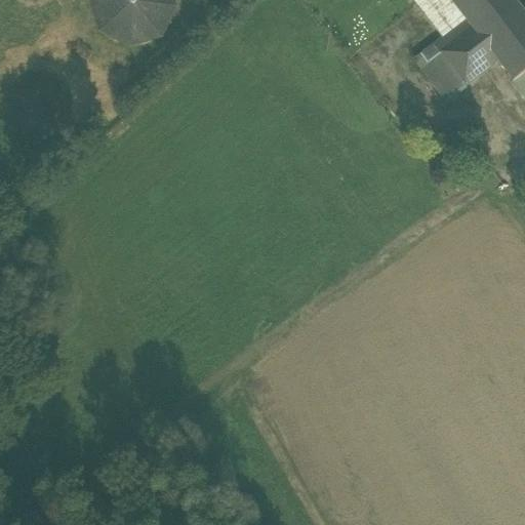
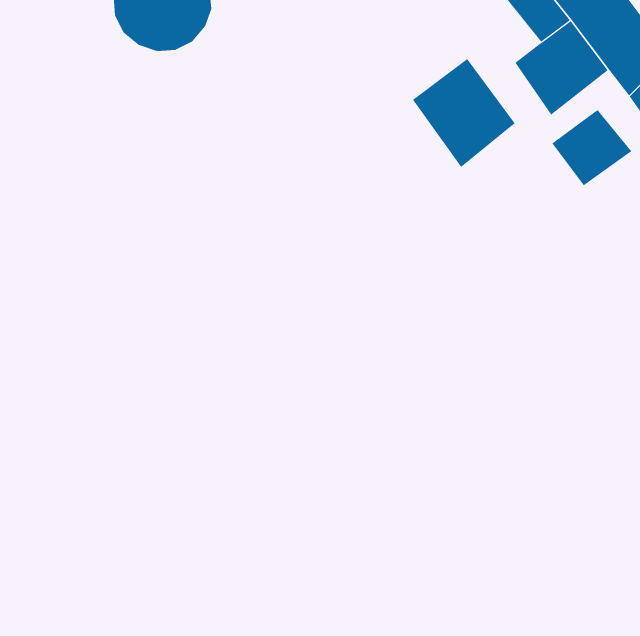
building: none -> [412,58,516,168]
building: none -> [552,109,632,186]

